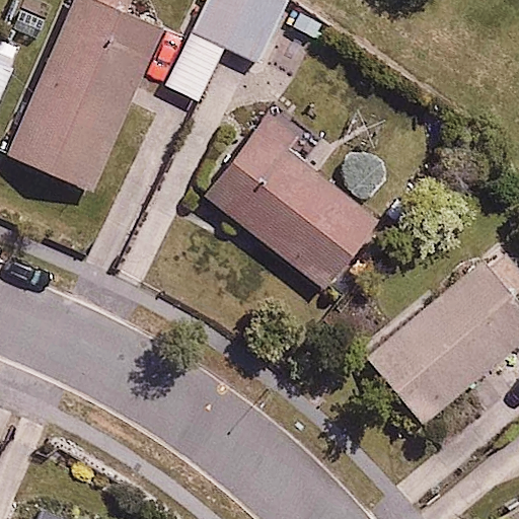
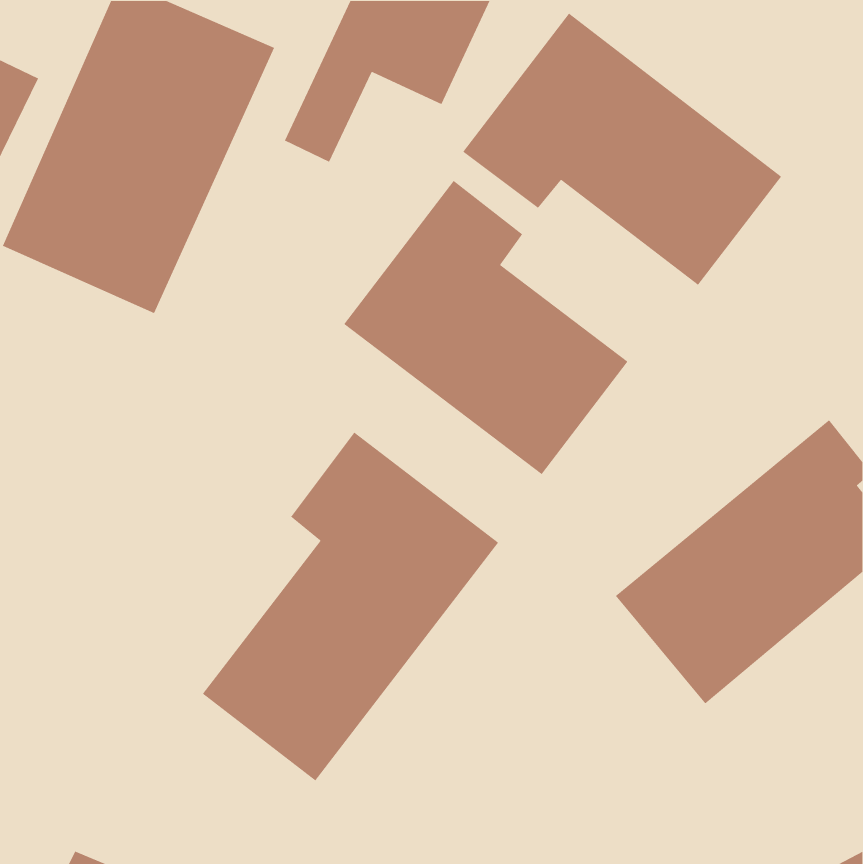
building: none -> [462,13,782,286]
building: none -> [202,432,499,781]

